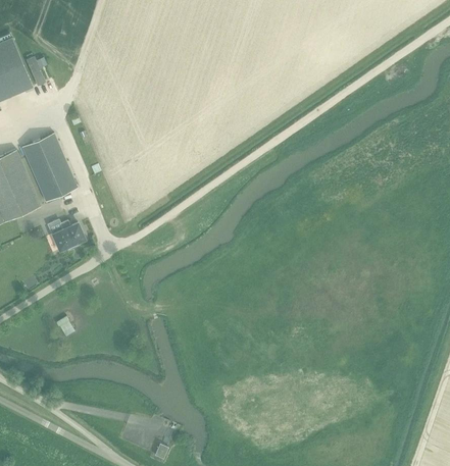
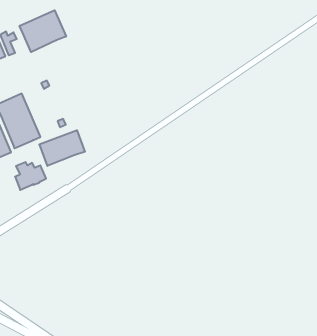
building: none -> [20,10,66,52]
building: none -> [39,130,85,166]

